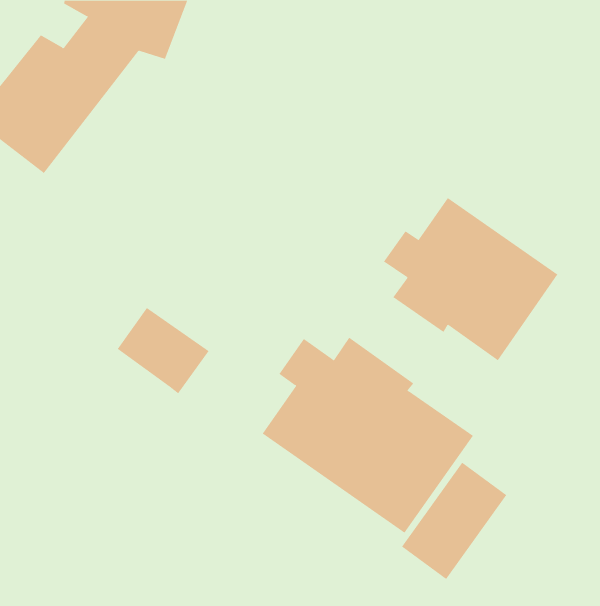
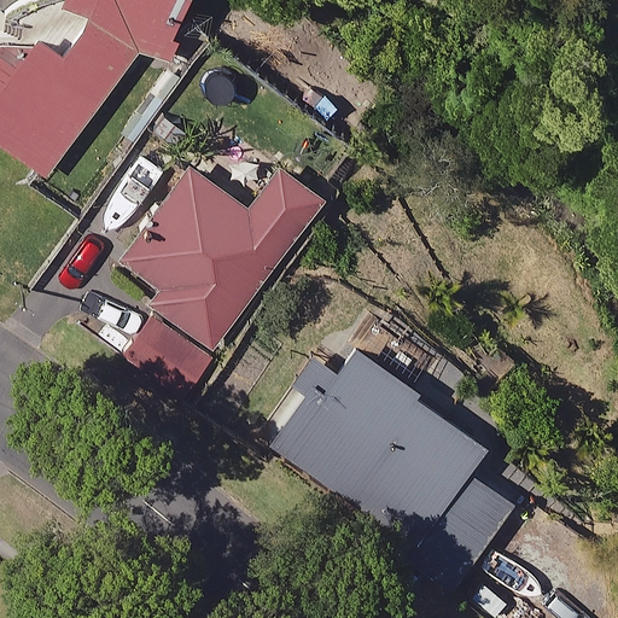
building: none -> [115,159,325,352]
building: [383,197,558,361] -> none

